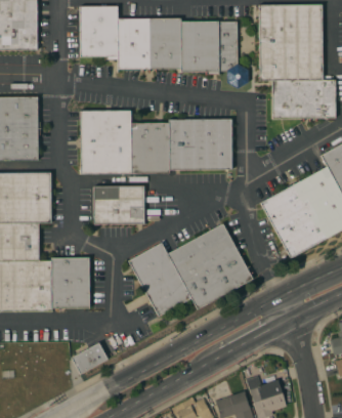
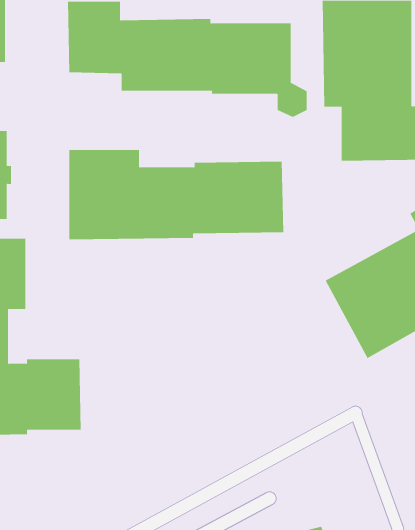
building: [94,185,144,223] -> none
building: [129,222,253,316] -> none
building: [72,341,109,373] -> none

